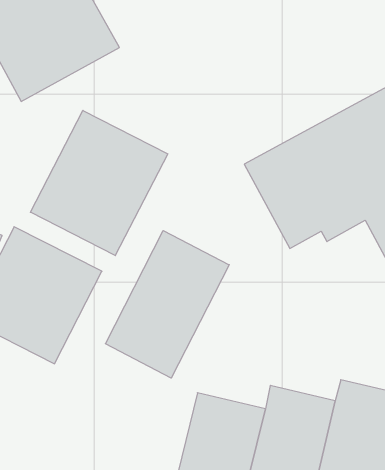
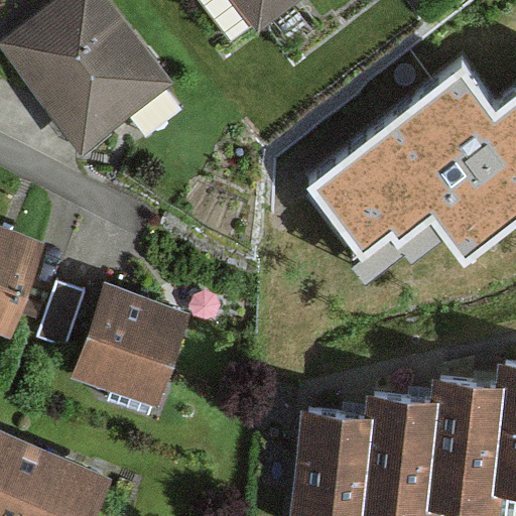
building: [30,110,168,256] -> none
building: [105,231,229,378] -> none

